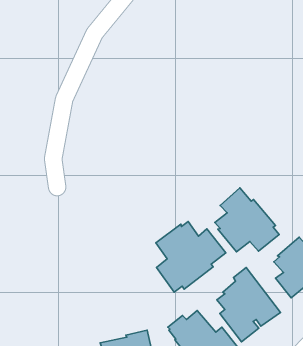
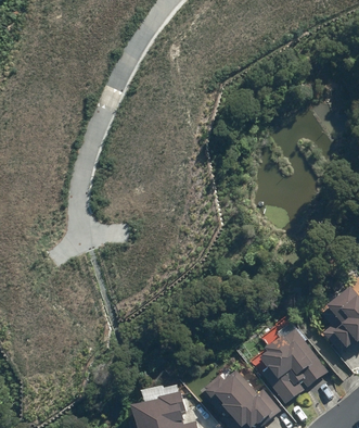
building: [215,188,279,252] -> none
building: [156,222,226,292] -> none

